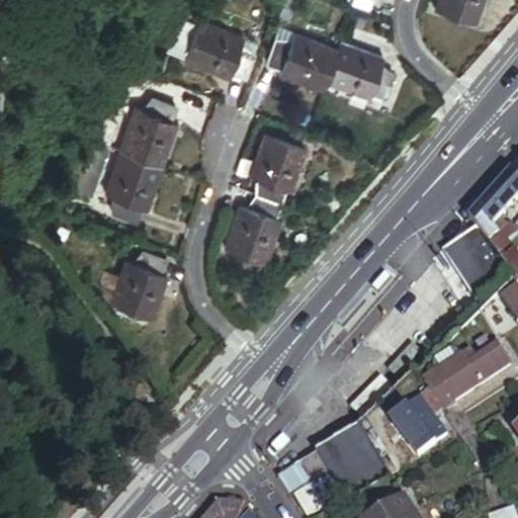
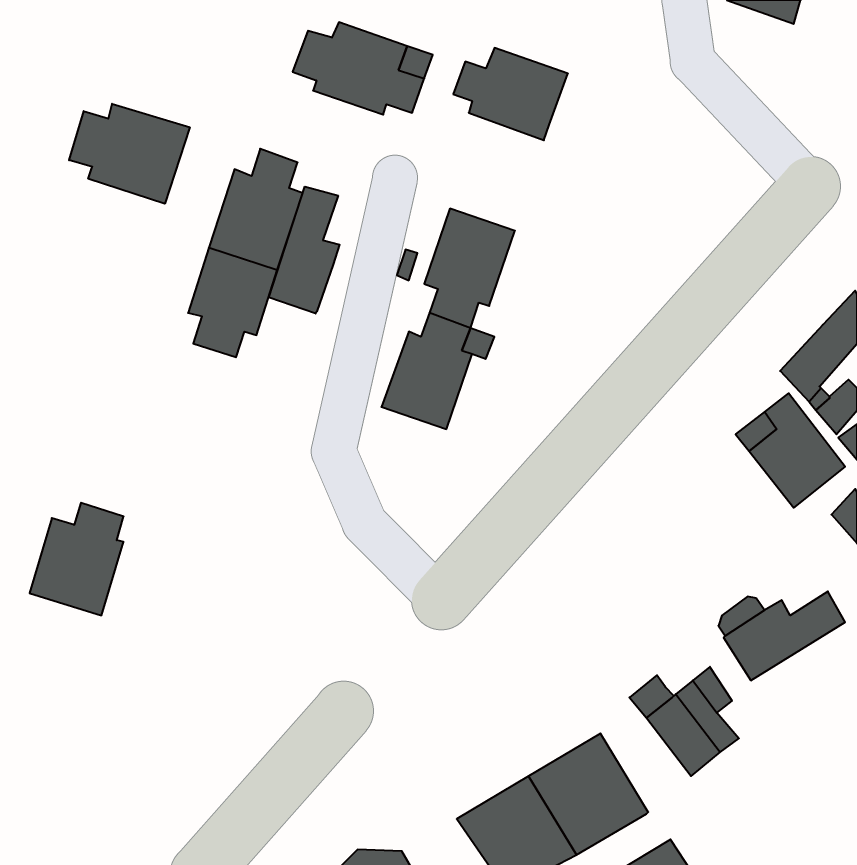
building: [325,39,390,106] -> none
building: none -> [69,104,190,204]
building: none -> [269,187,340,314]
building: [112,247,168,314] -> [30,503,124,615]

